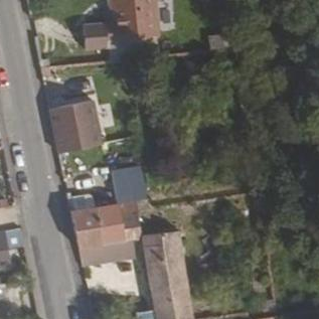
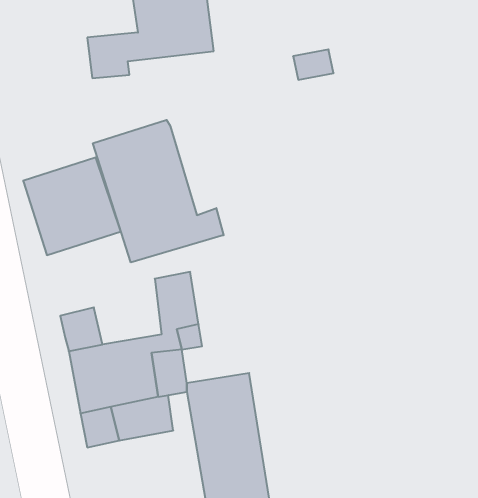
building: none -> [93,120,224,262]

